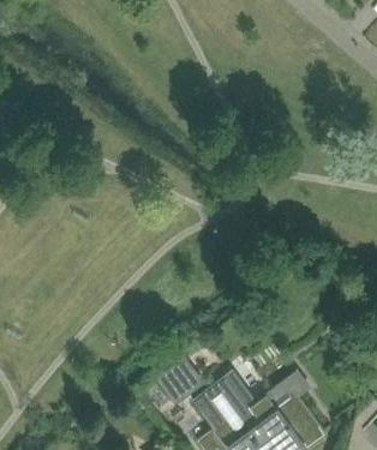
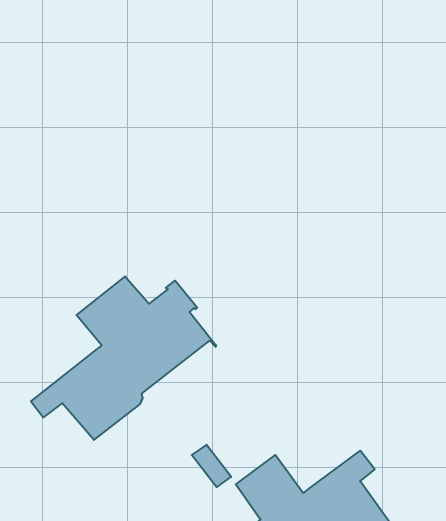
building: none -> [31,276,216,440]

